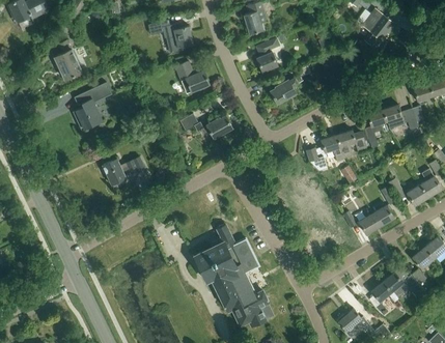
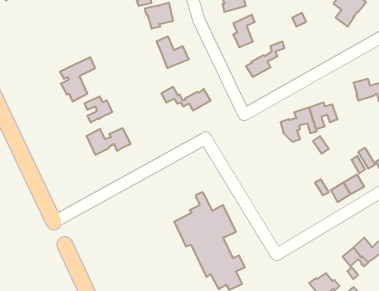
building: [54,40,81,79] -> none
building: [364,109,389,147] -> none
building: none -> [85,96,112,123]

